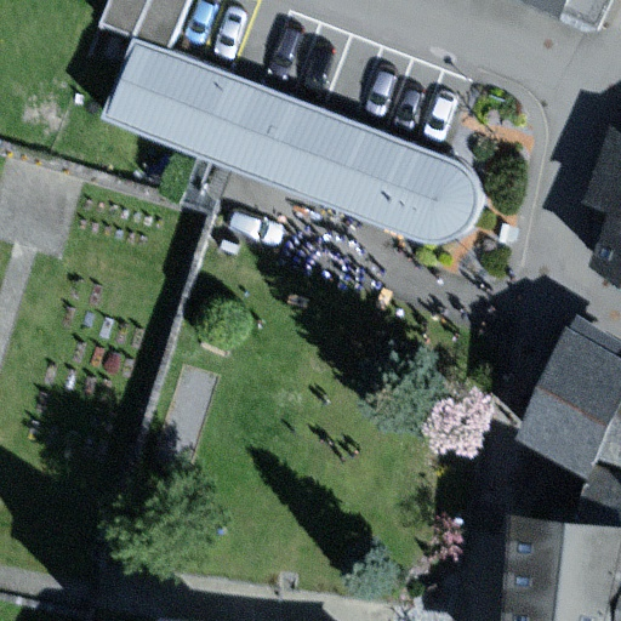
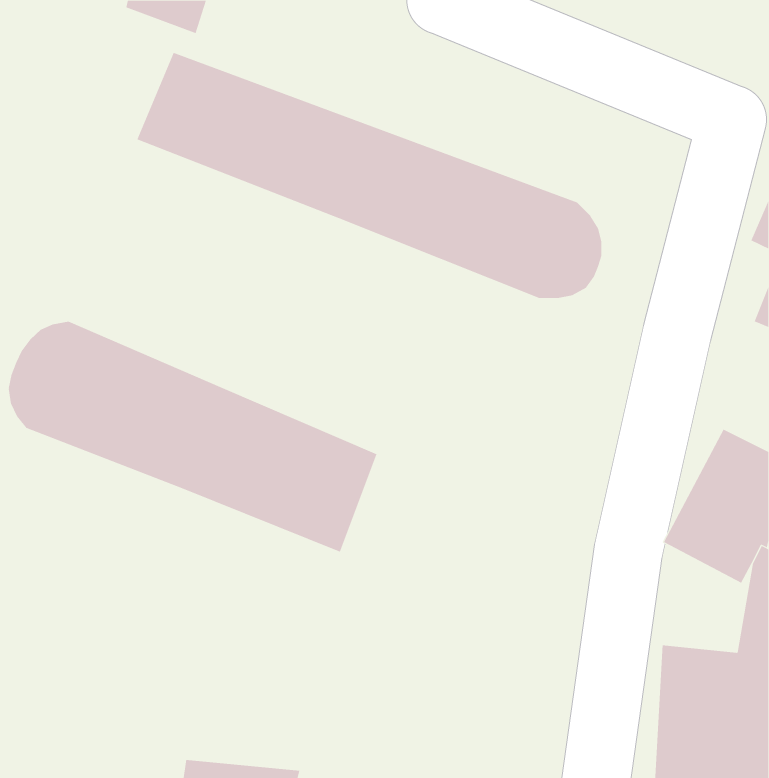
building: none -> [8,321,377,552]

